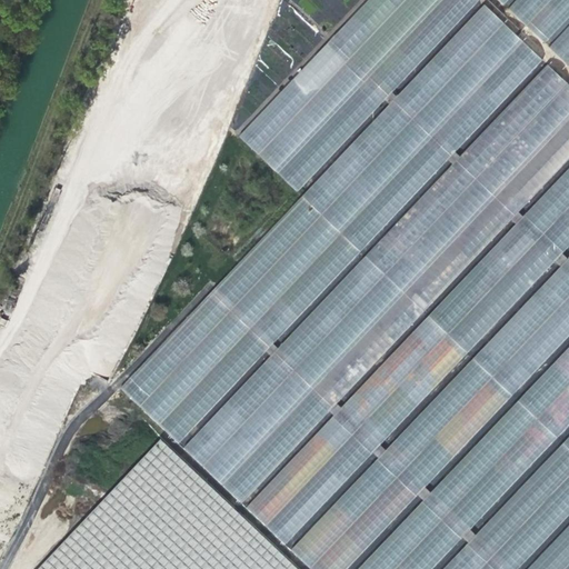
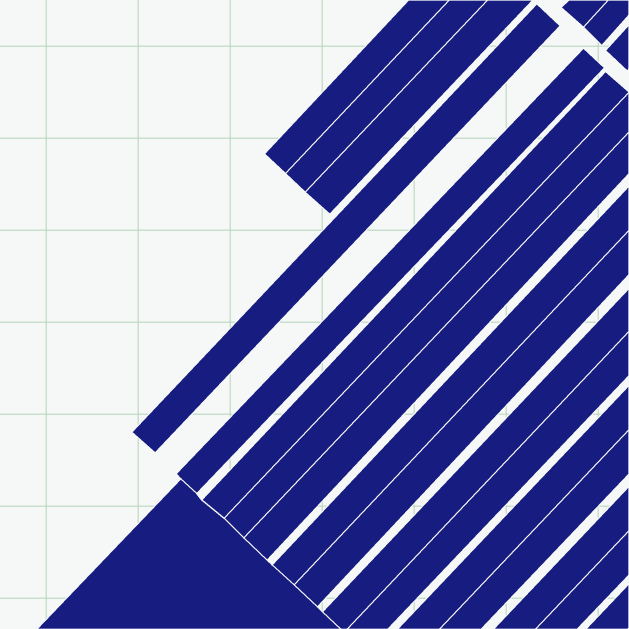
building: [140,23,527,428] -> none

